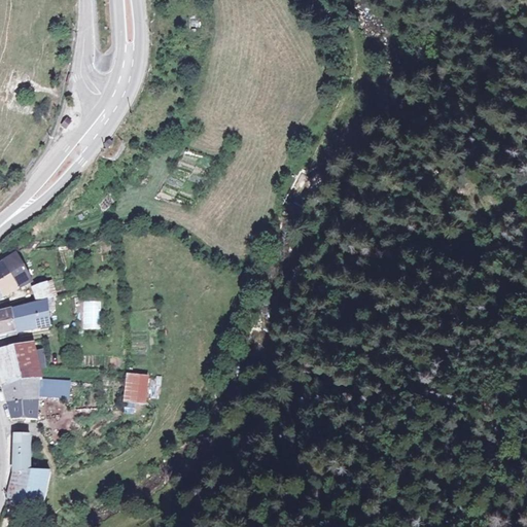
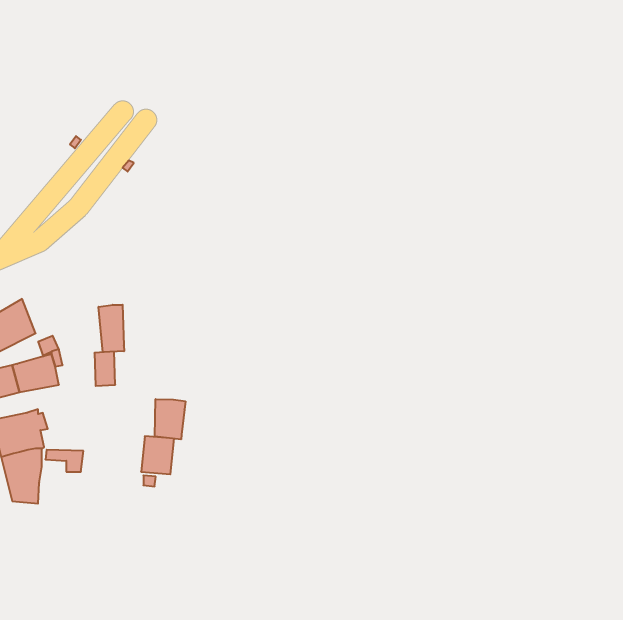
building: none -> [99,305,124,352]
building: none -> [155,399,185,439]
building: [7,437,47,510] -> none

